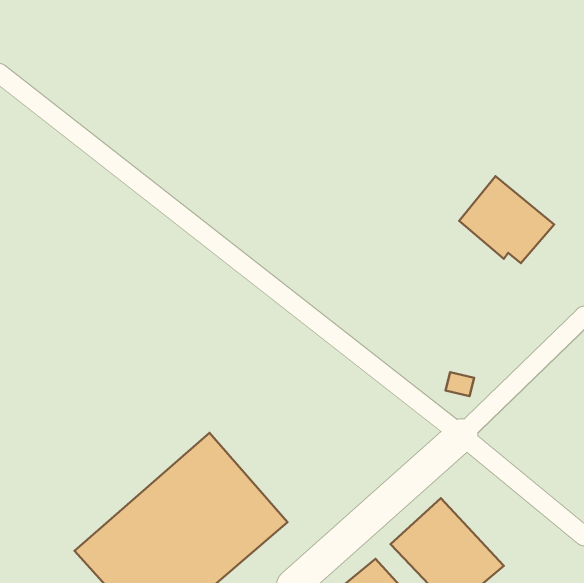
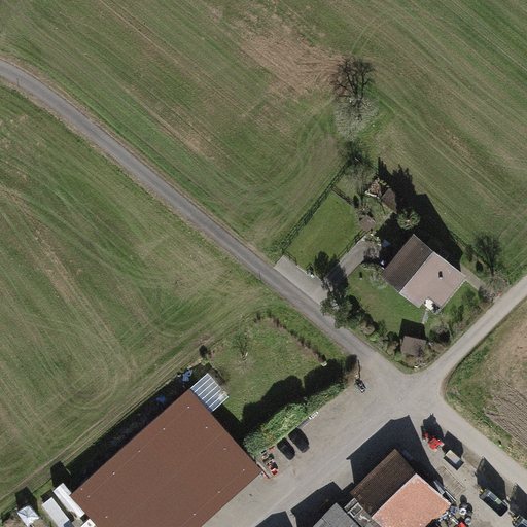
building: [459,176,554,263] -> [380,234,465,312]

